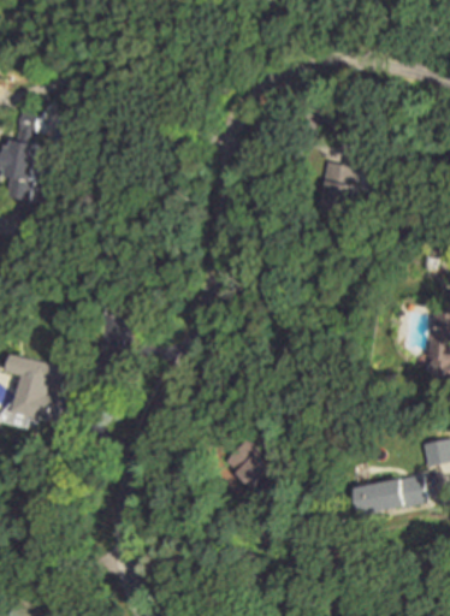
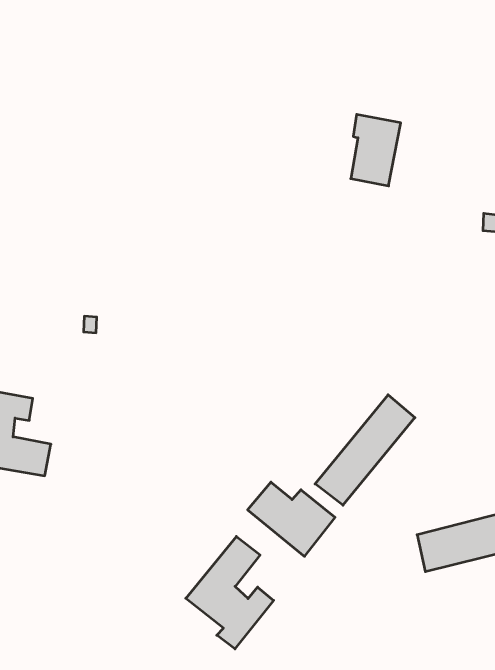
building: none -> [315,395,415,505]
building: none -> [186,536,274,649]

